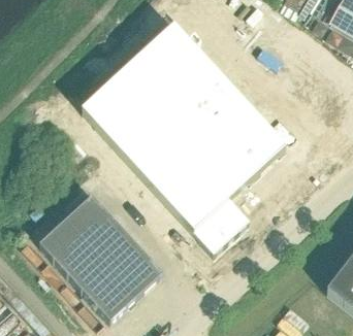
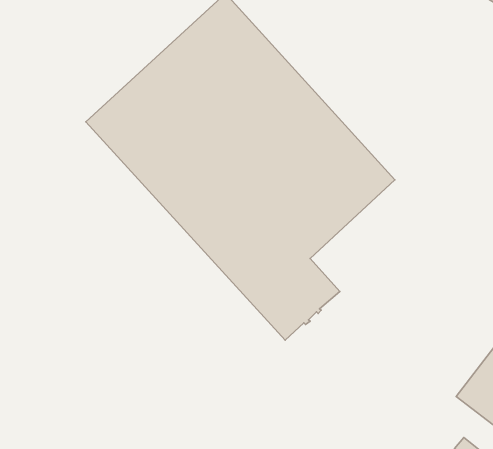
building: [38,194,162,320] -> none

